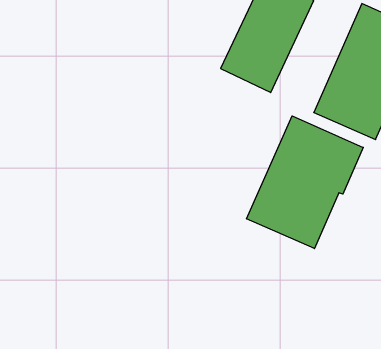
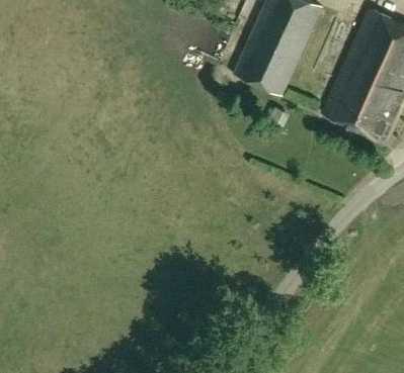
building: [247,116,363,249] -> none

